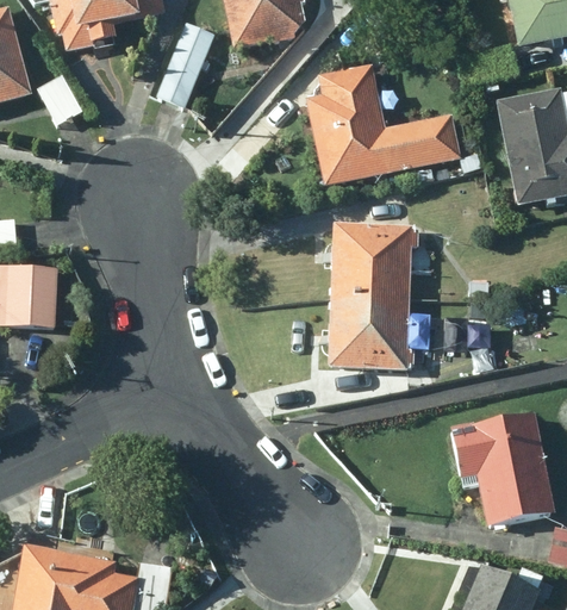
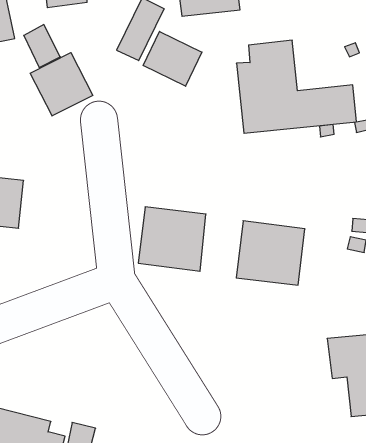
building: none -> [143,31,202,86]
building: none -> [30,53,93,116]
building: [332,223,411,297] -> [138,207,206,271]

